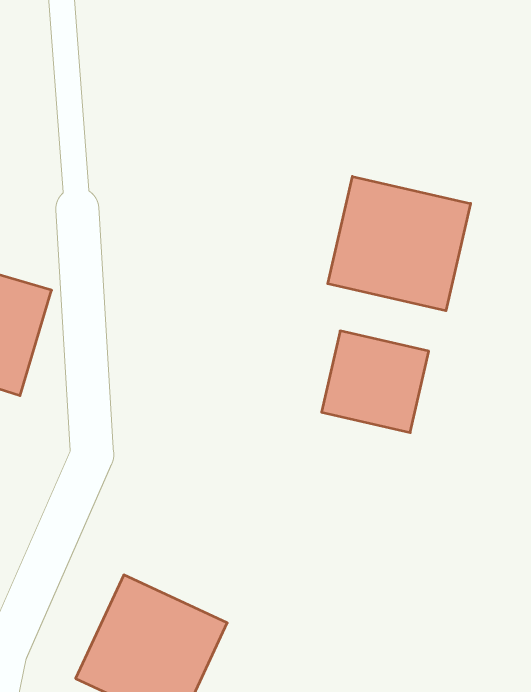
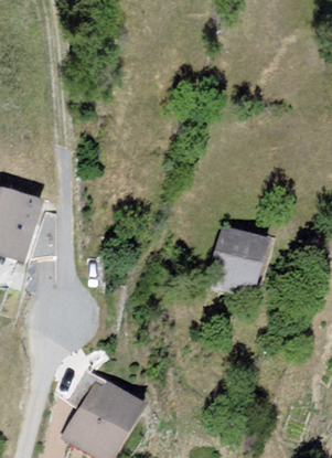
building: [328,176,471,311] -> none

